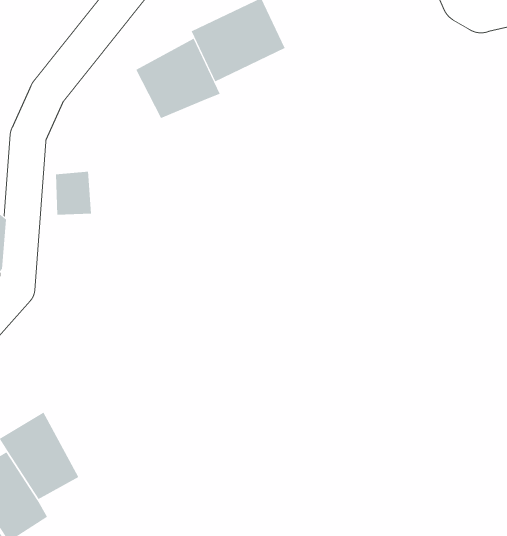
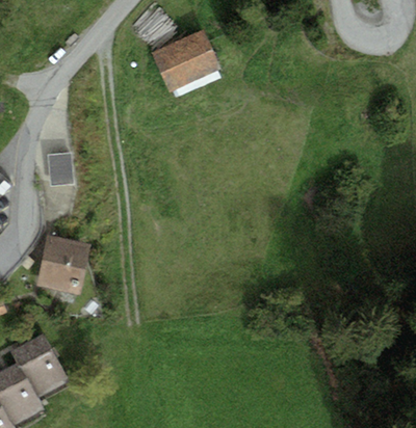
building: [136,38,221,119] -> none
building: none -> [35,236,88,292]

